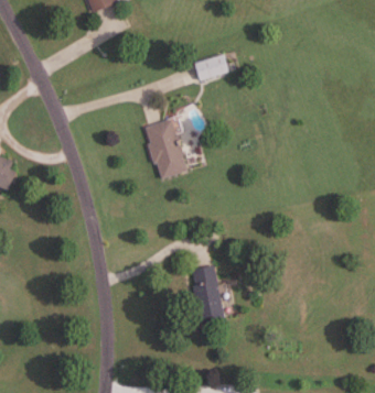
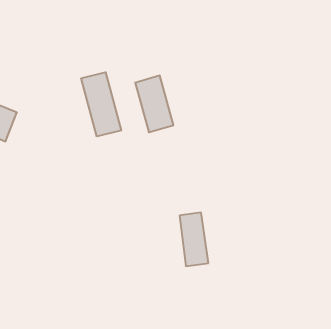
building: [195,56,228,80] -> none
building: none -> [81,72,121,136]

